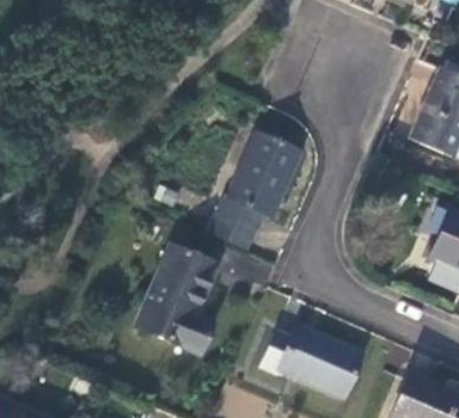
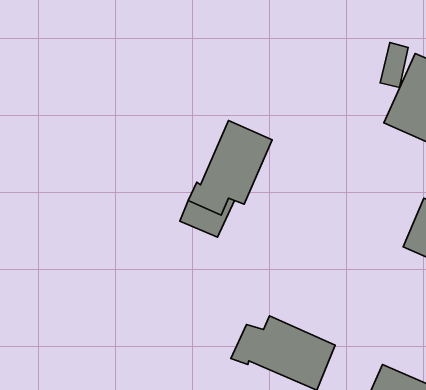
building: [136,247,216,355] -> none

